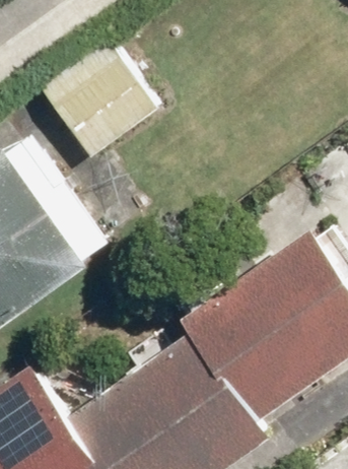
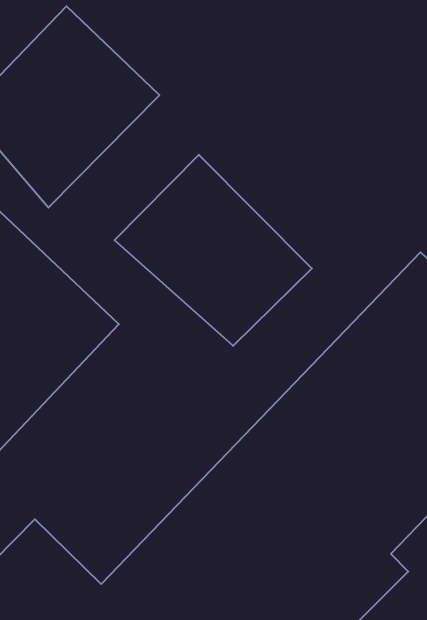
building: none -> [115,155,312,346]

